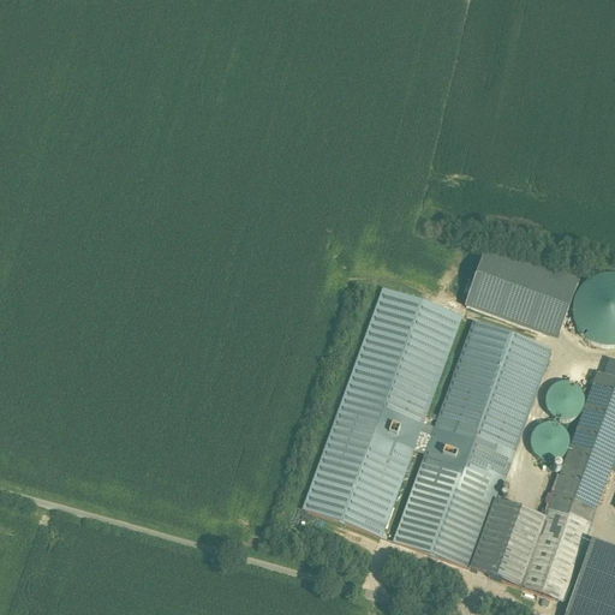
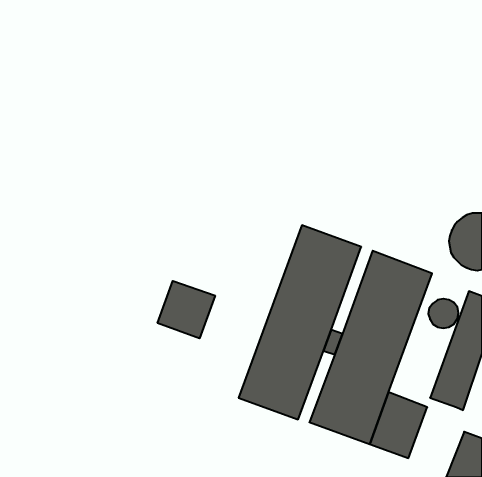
building: [466,246,578,336] -> none
building: none -> [158,281,215,338]
building: [530,423,568,460] -> none
building: [520,507,581,597] -> none

